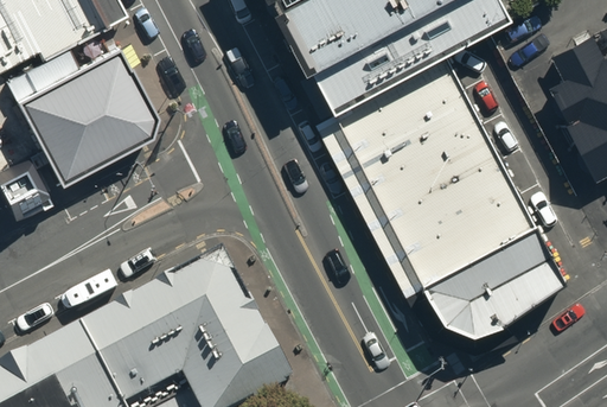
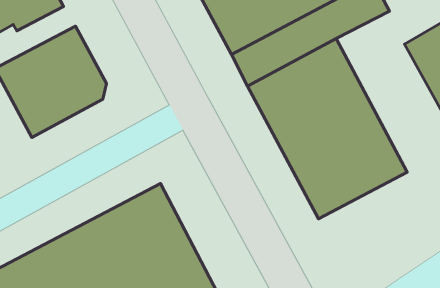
building: [422,230,567,343] -> none

